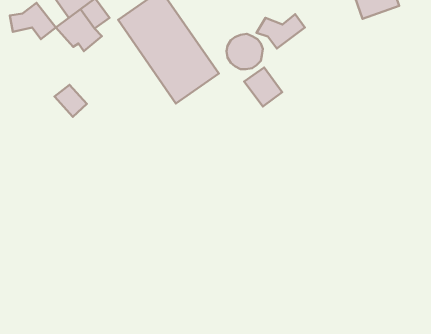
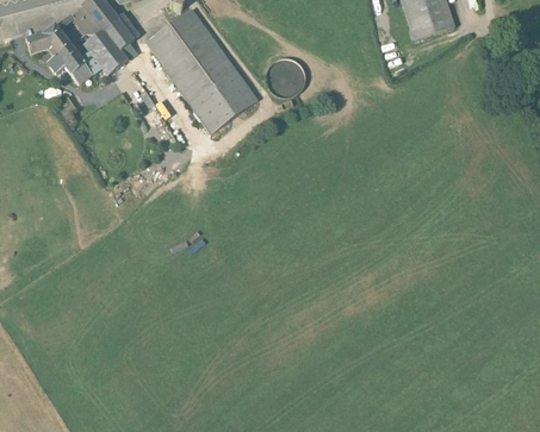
building: [256,14,305,48] -> none
building: [244,68,282,106] -> none
building: [55,85,87,117] -> [58,50,94,86]

